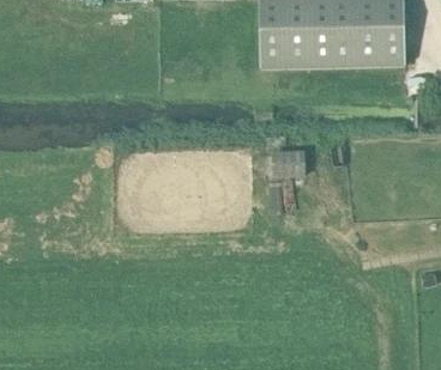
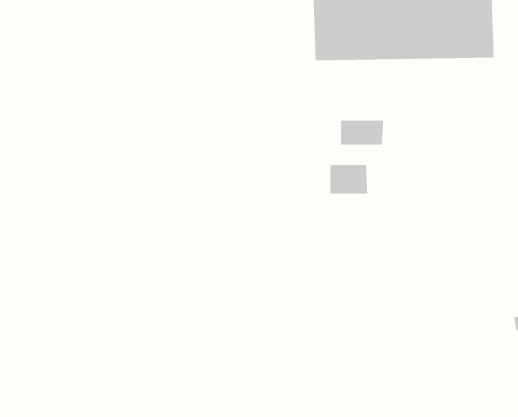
building: none -> [341,120,384,145]

